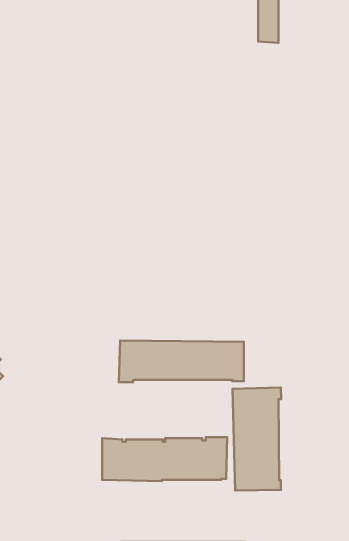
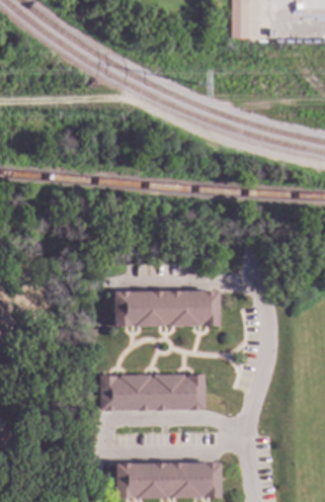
building: [233,387,281,490] -> none

